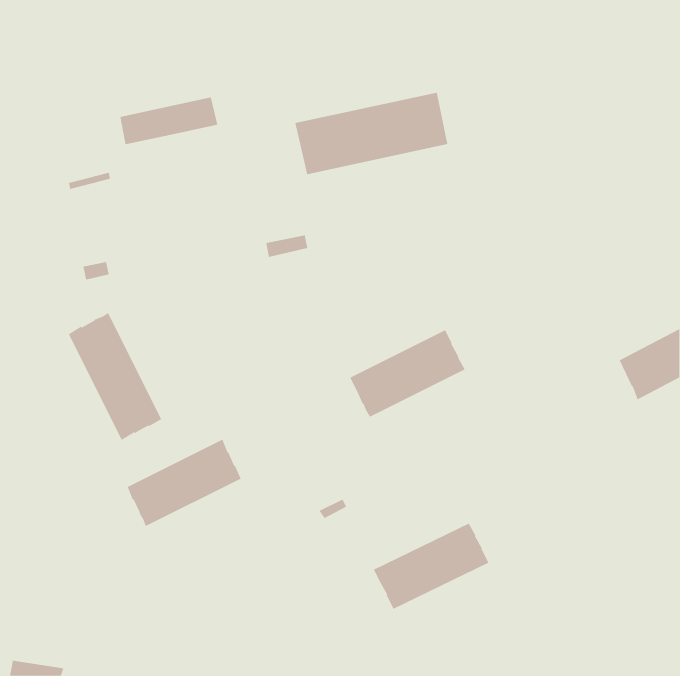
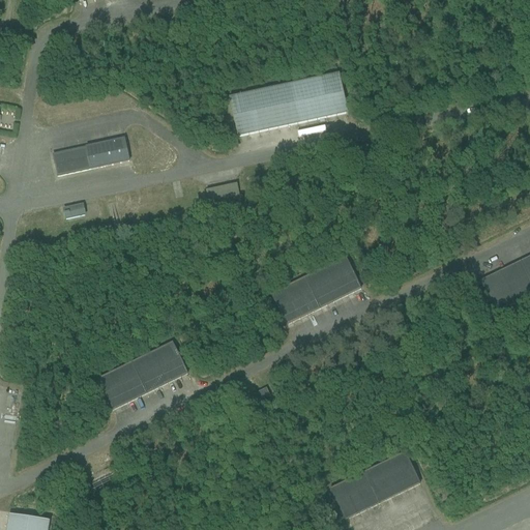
building: [119,97,218,145] -> [53,138,129,175]
building: [68,312,162,441] -> none
building: [373,523,489,610] -> [330,451,420,519]

